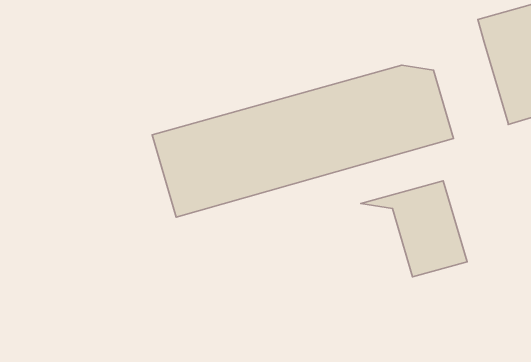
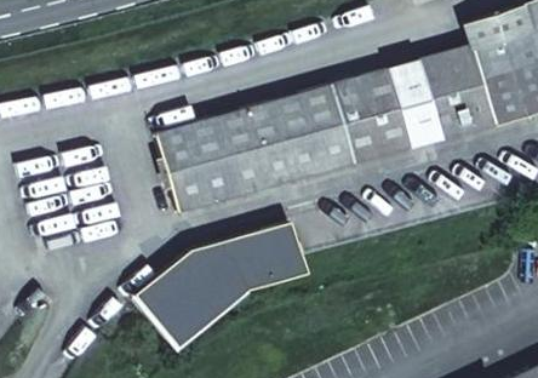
building: [361,181,467,277] -> [394,46,496,138]
building: none -> [132,222,302,343]

